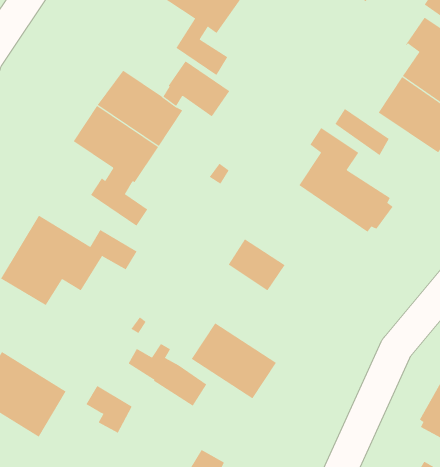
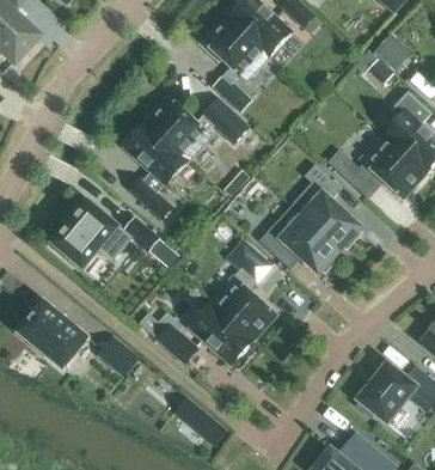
building: none -> [259,206,339,273]
building: none -> [212,276,276,340]

